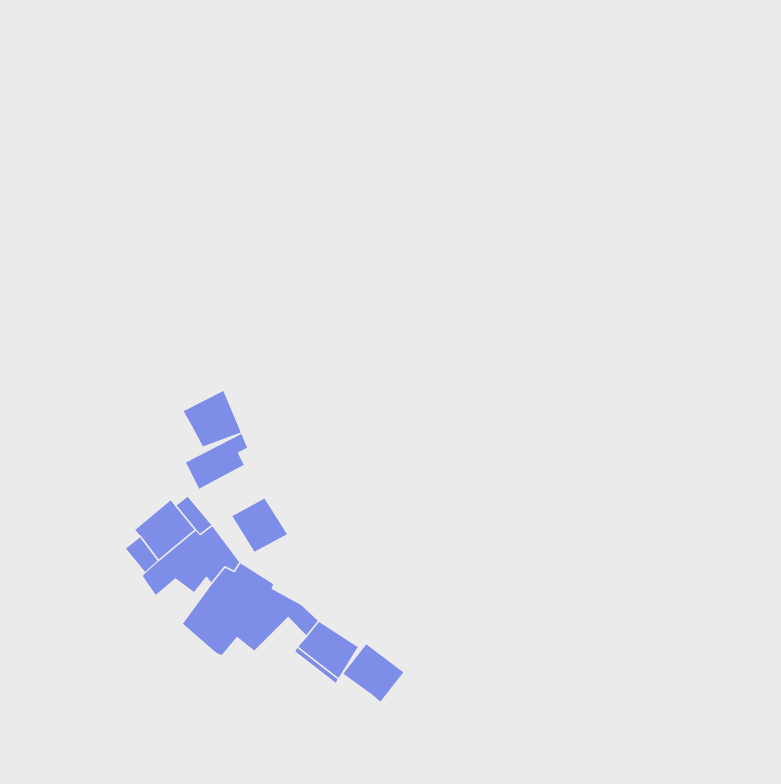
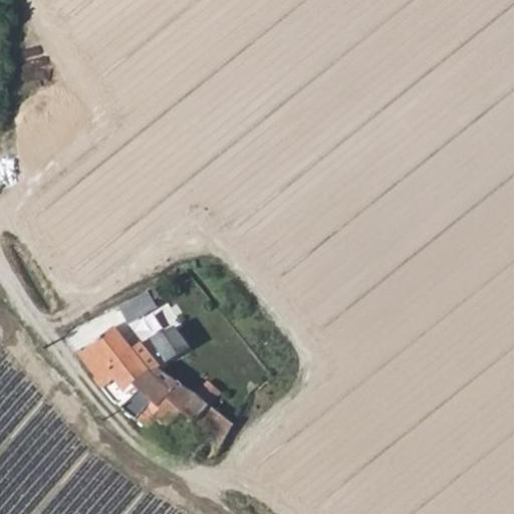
building: [183,390,242,448] -> none
building: [342,643,404,703] -> none

